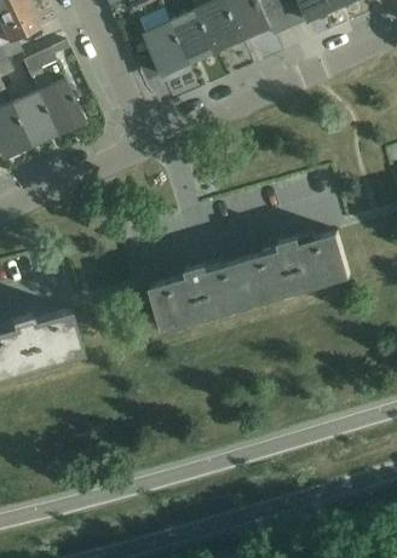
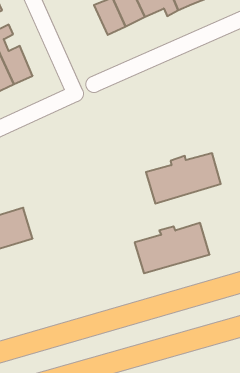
building: [144,21,189,74] -> none
building: [150,258,257,329] -> [135,223,210,273]

